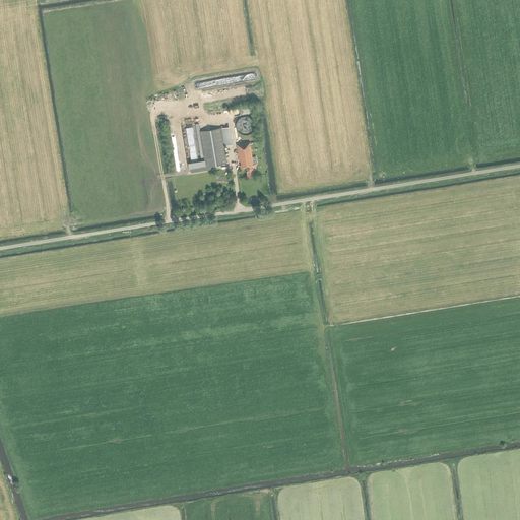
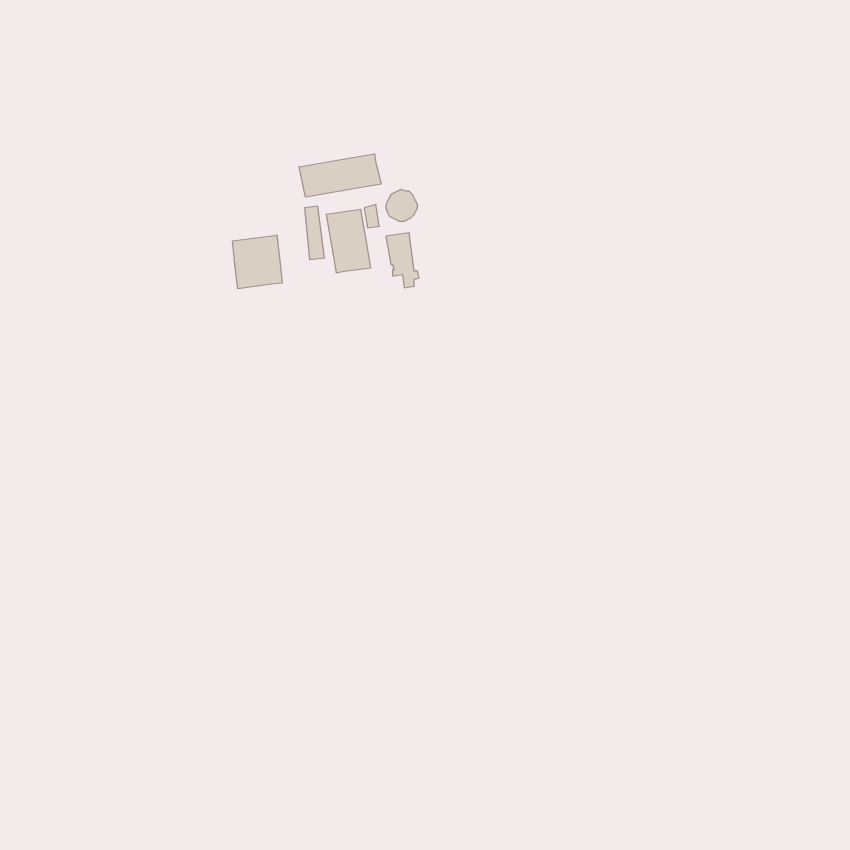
building: none -> [299,154,381,197]
building: none -> [232,235,282,289]

